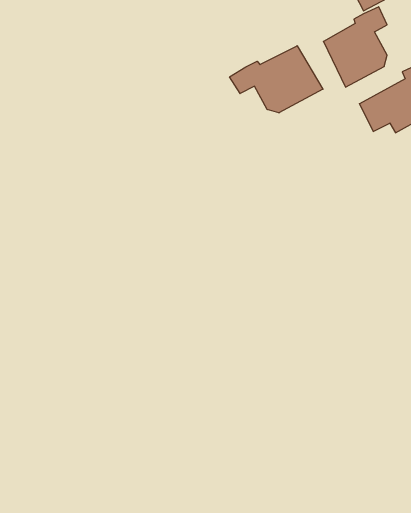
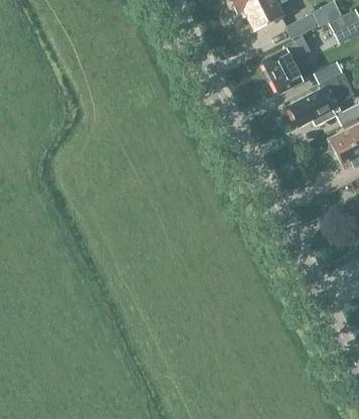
building: [230,46,323,113] -> none

